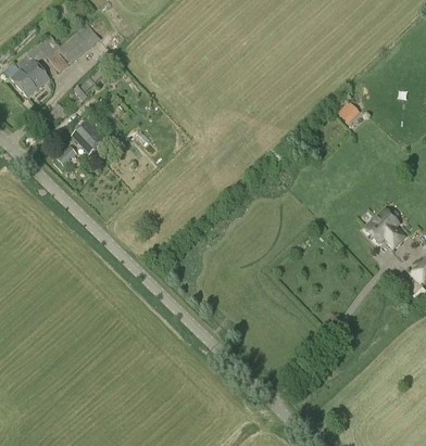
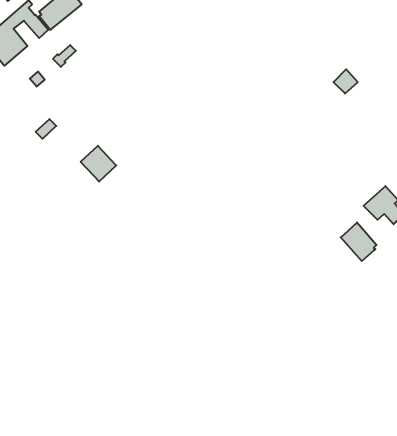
building: [72,120,105,154] -> [81,146,116,182]
building: none -> [341,222,377,261]

